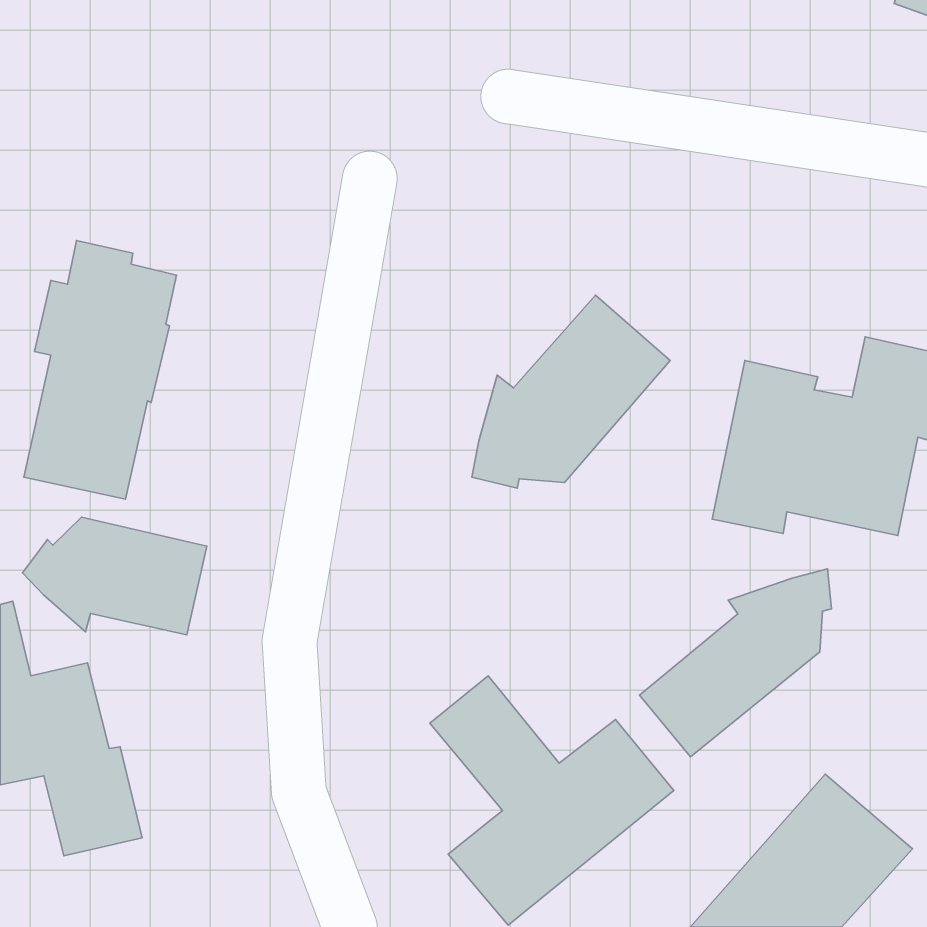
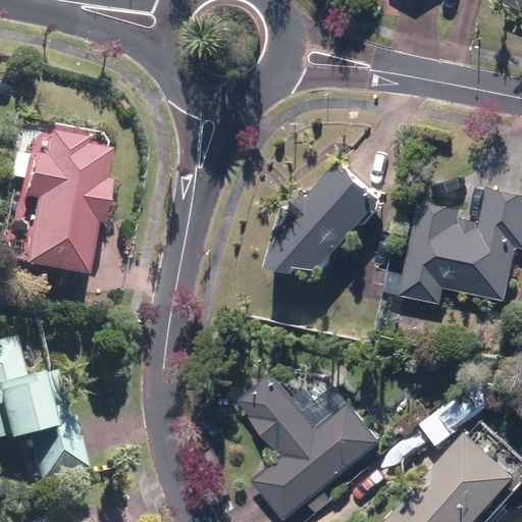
building: [22,517,207,635] -> none
building: [639,569,831,757] -> none

